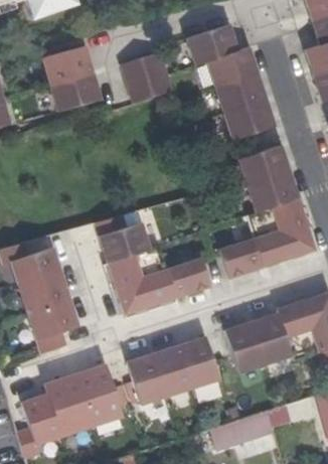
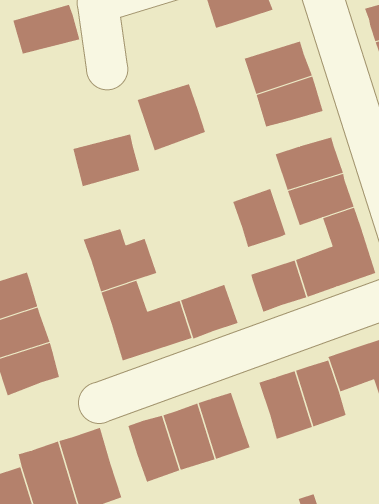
building: [207,47,258,87] -> none
building: [122,52,173,103] -> [137,83,206,151]
building: [50,72,101,112] -> [73,134,140,187]
building: none -> [232,188,286,248]

